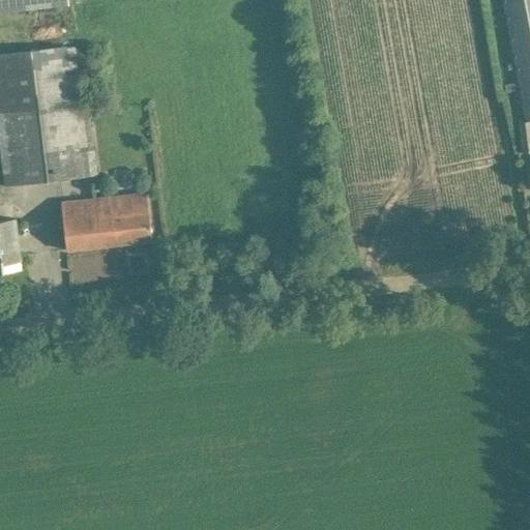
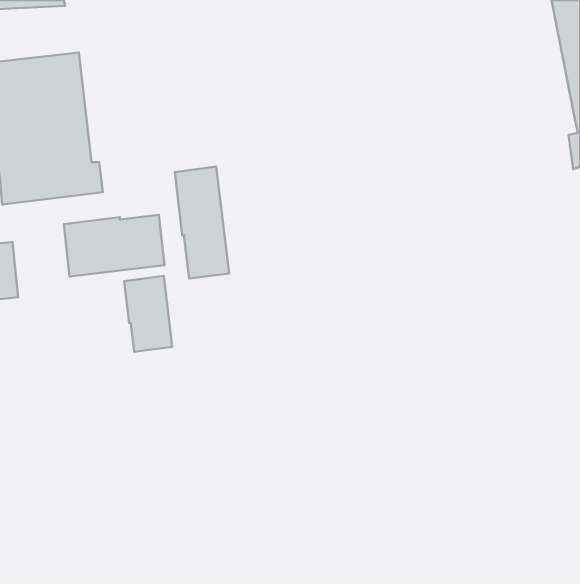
building: none -> [175,167,229,279]
building: none -> [124,276,172,352]

